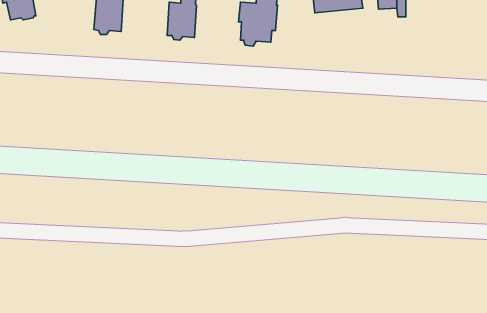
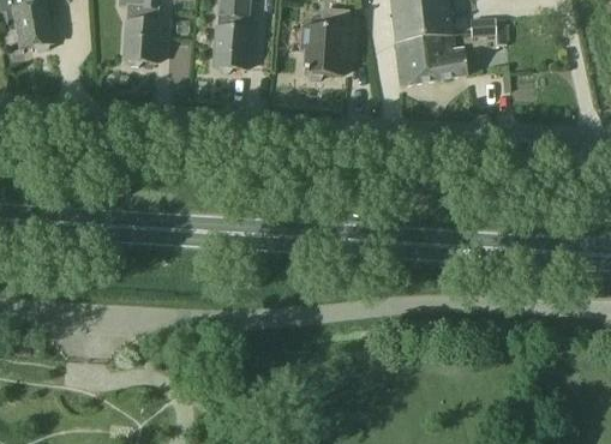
building: none -> [395,31,467,82]

